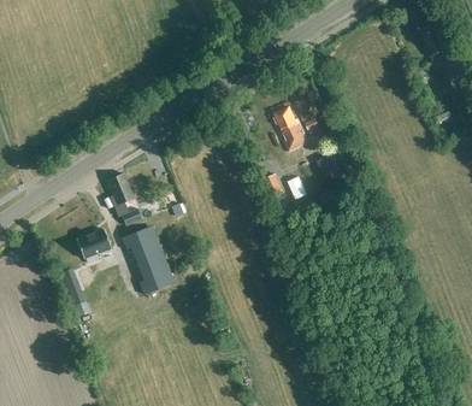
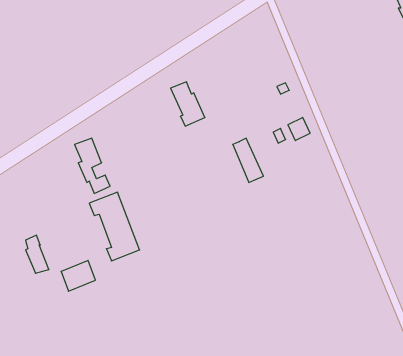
building: [275,106,308,149] -> [171,82,205,126]
building: [77,229,111,259] -> [61,260,95,291]

